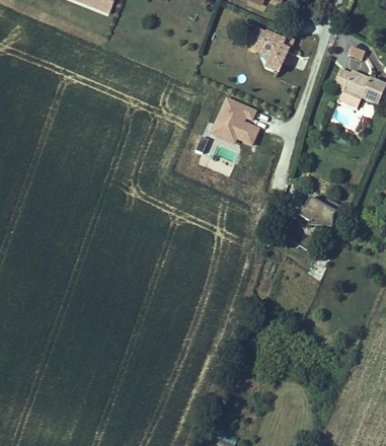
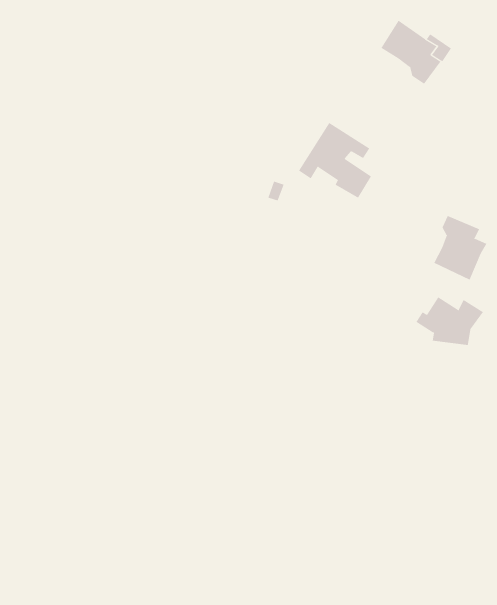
building: none -> [434,215,487,281]

